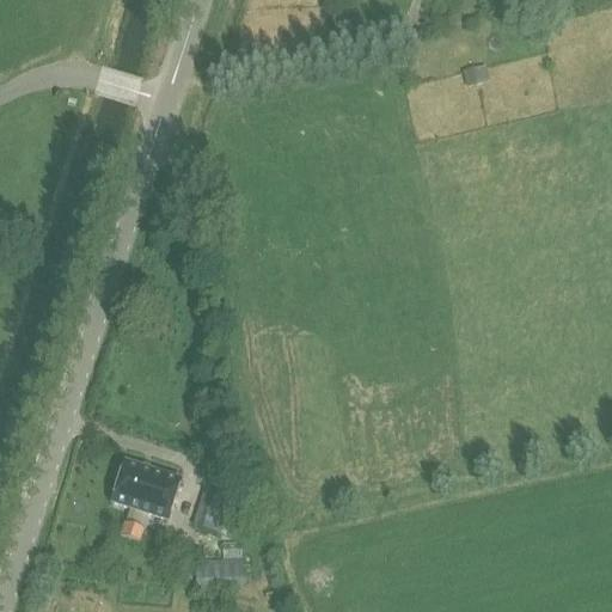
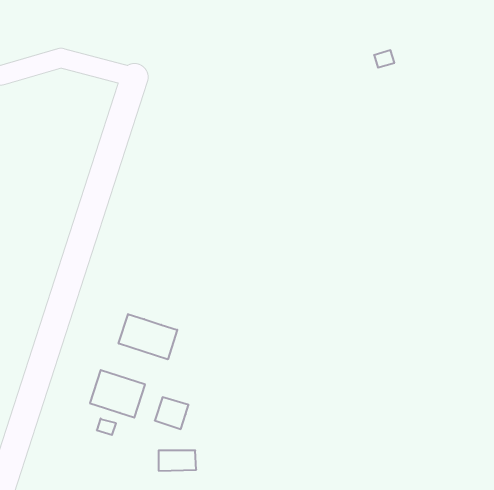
building: none -> [119,314,177,359]

